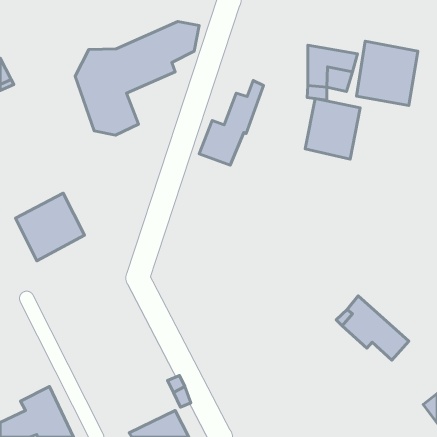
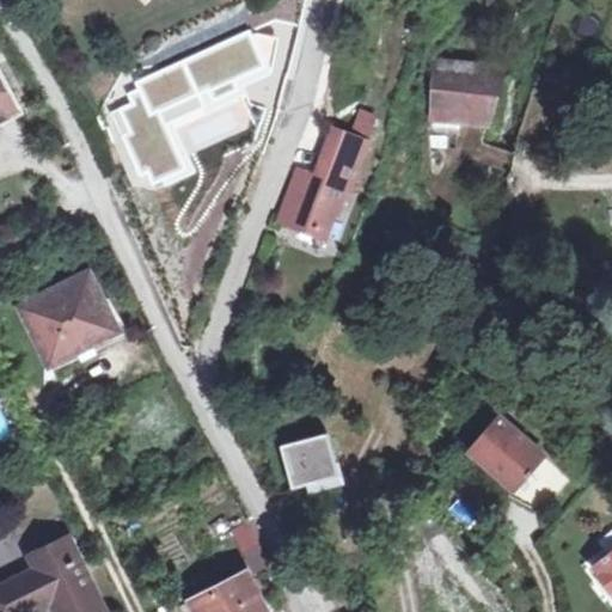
building: [356,41,418,105] -> none
building: [305,99,360,159] -> none
building: none -> [271,424,336,490]

